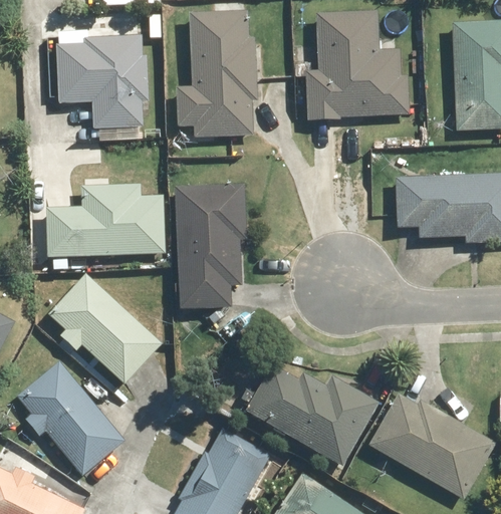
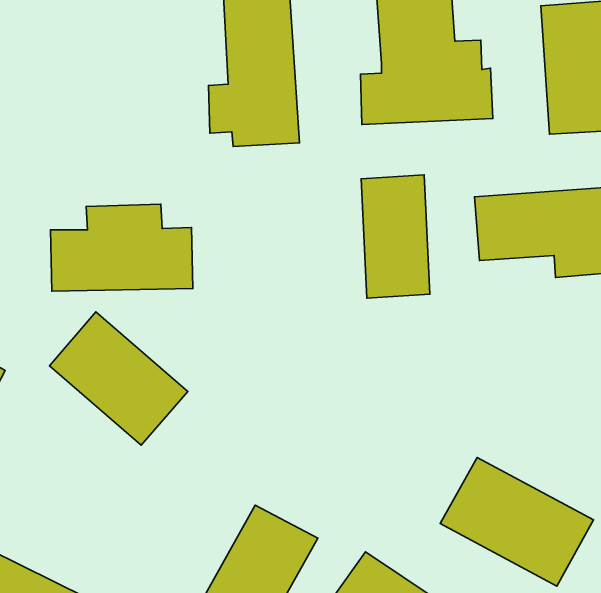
building: [56,38,145,132] -> none
building: none -> [361,175,430,298]
building: [175,180,245,303] -> none
building: [249,347,380,464] -> none
building: [13,362,121,479] -> none

